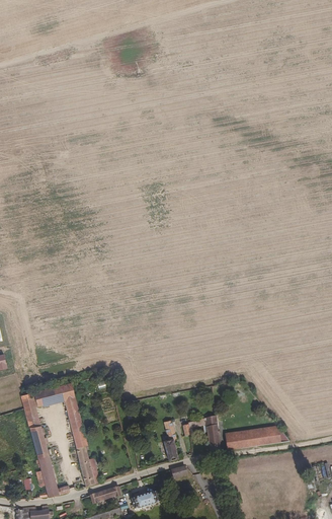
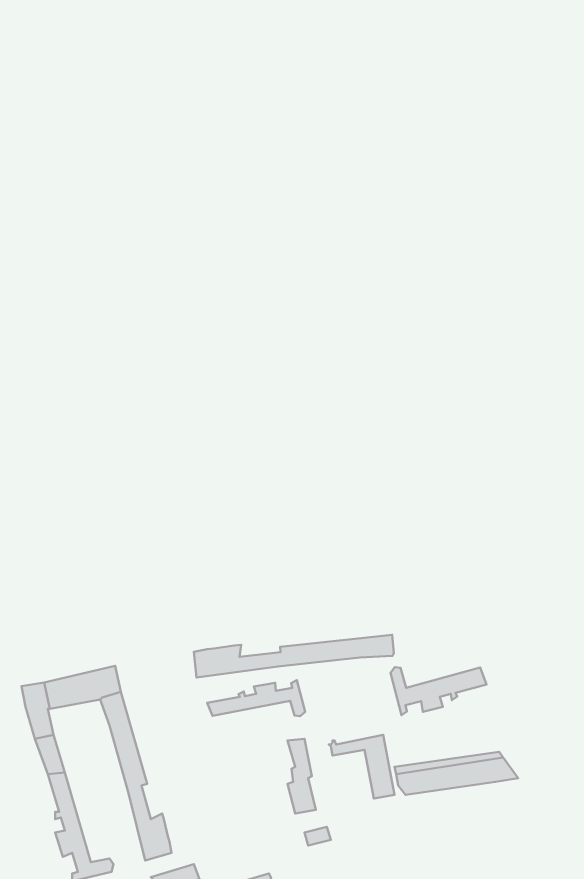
building: none -> [194,635,394,677]
building: none -> [390,667,486,715]
building: none -> [207,680,305,716]

